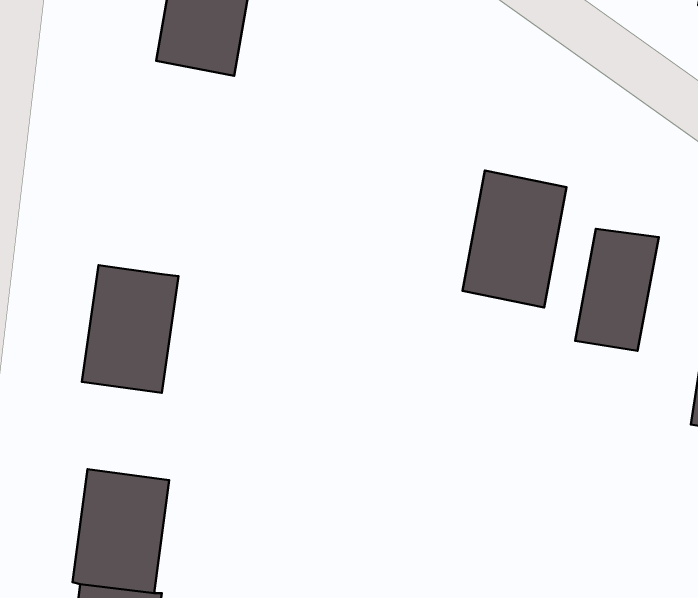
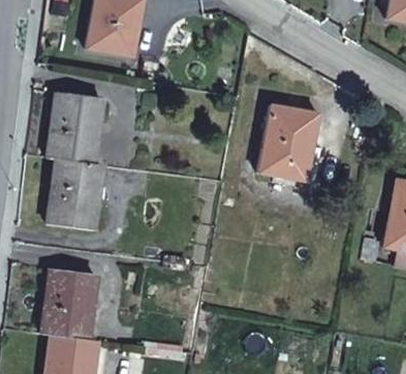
building: none -> [45,94,100,165]
building: [575,229,659,351] -> none

